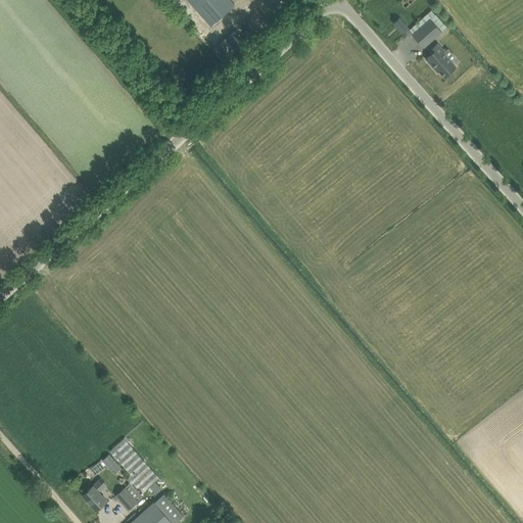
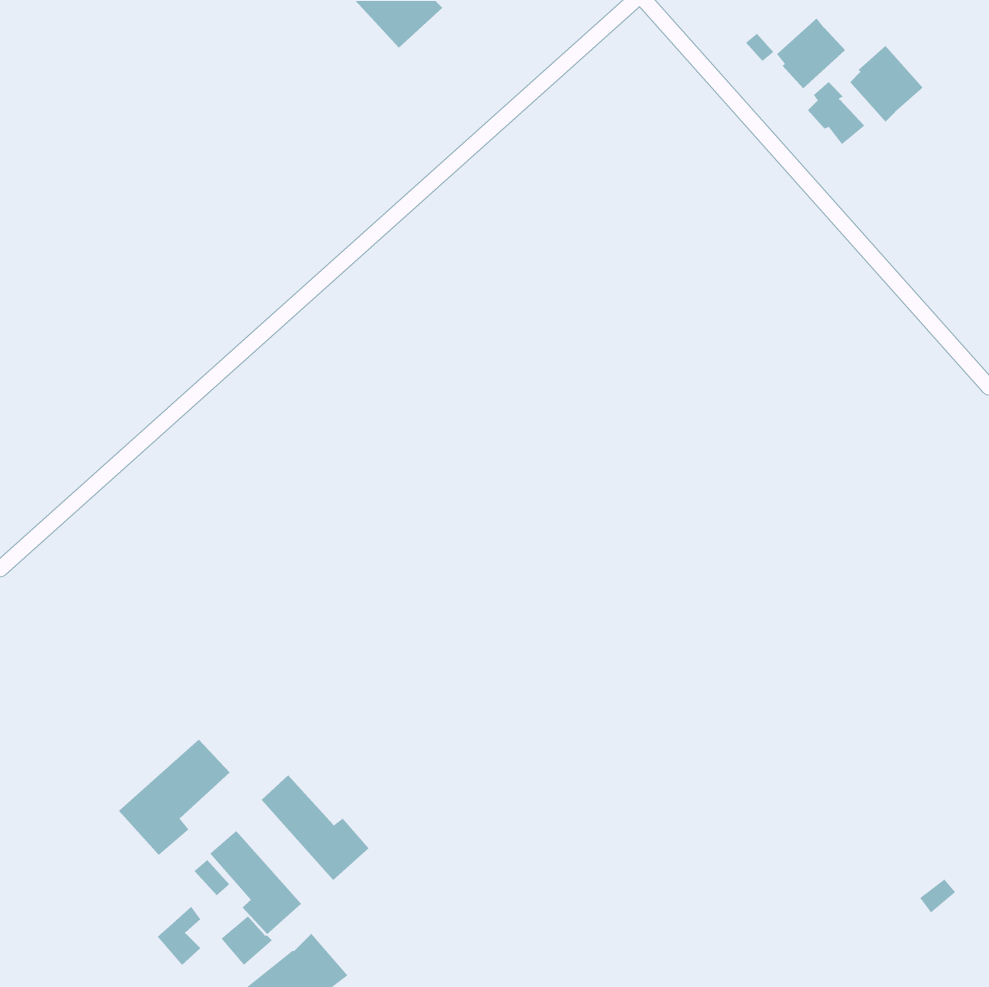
building: none -> [849,45,923,123]
building: none -> [118,739,230,856]
building: none -> [261,774,370,881]

